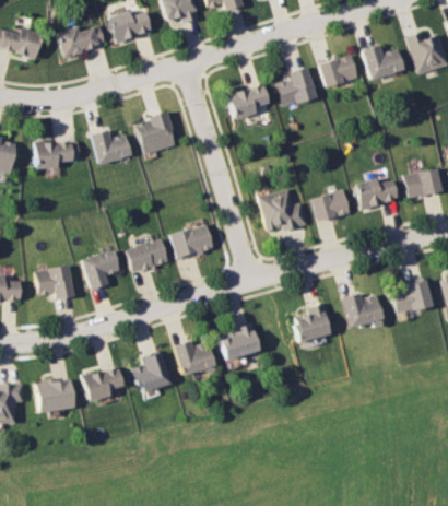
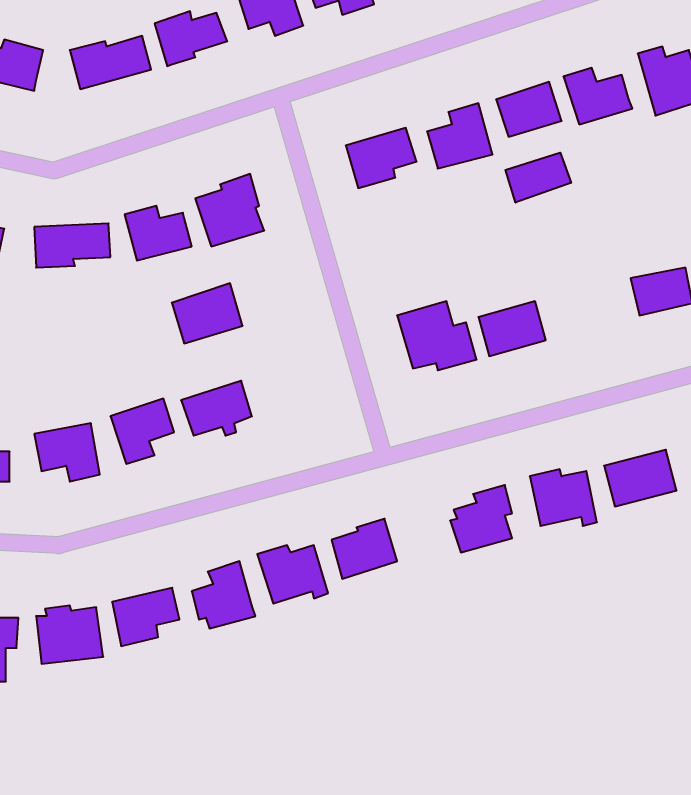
building: none -> [505,153,571,203]
building: [352,178,398,210] -> none
building: [169,223,213,260] -> [172,283,243,343]

